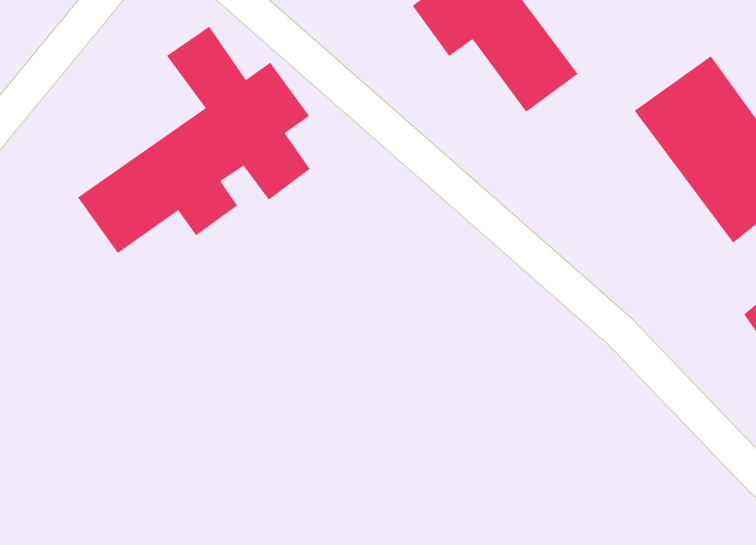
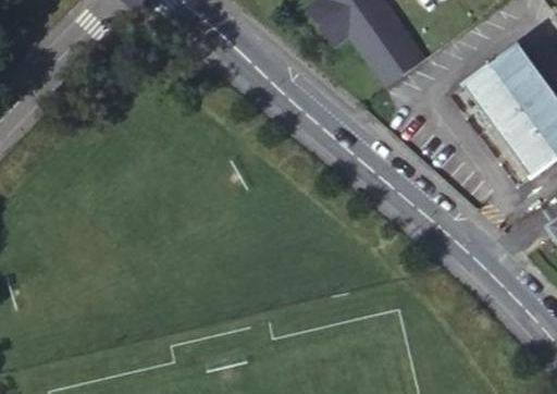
building: [77,26,310,254] -> none

